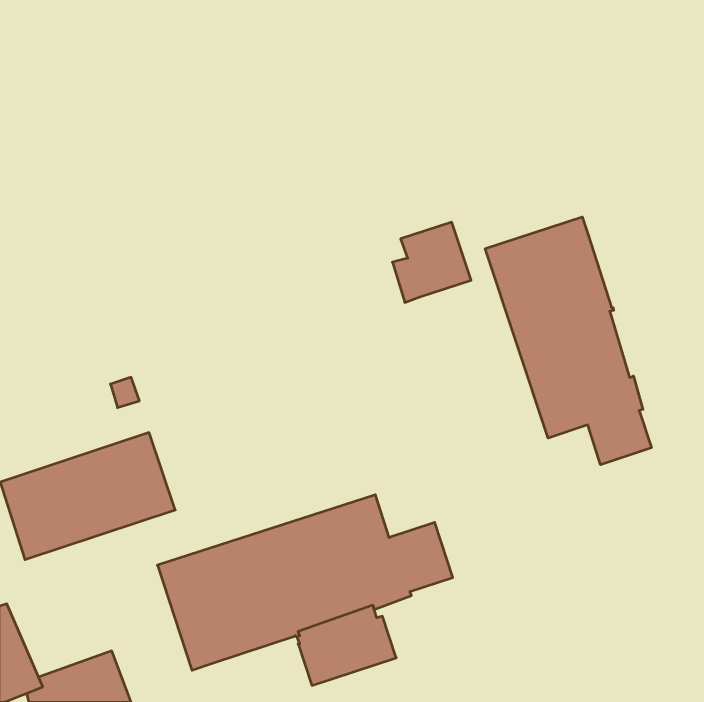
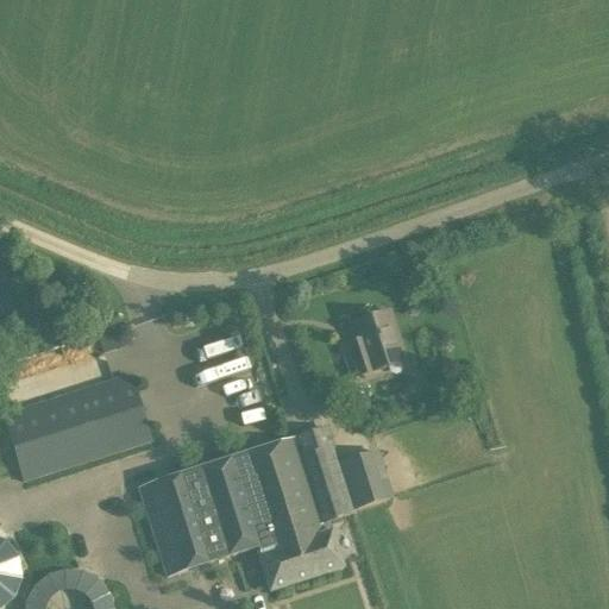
building: [485,217,651,465] -> none
building: [392,222,471,302] -> [338,309,406,378]

